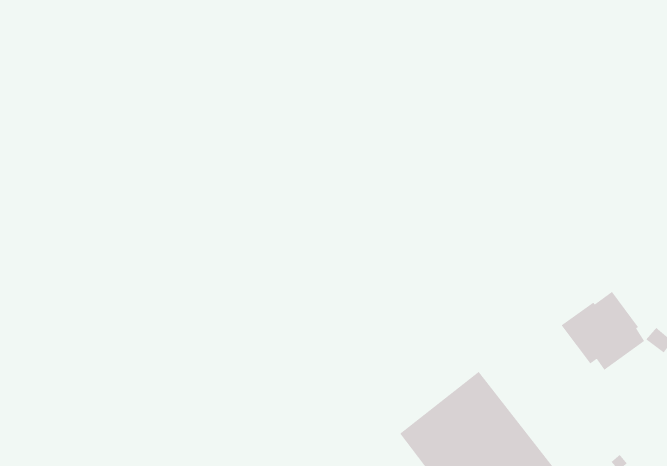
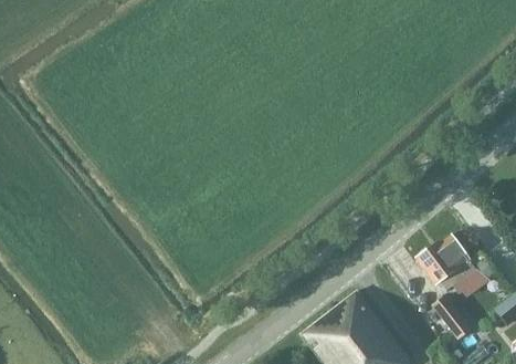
building: none -> [434,299,474,344]

